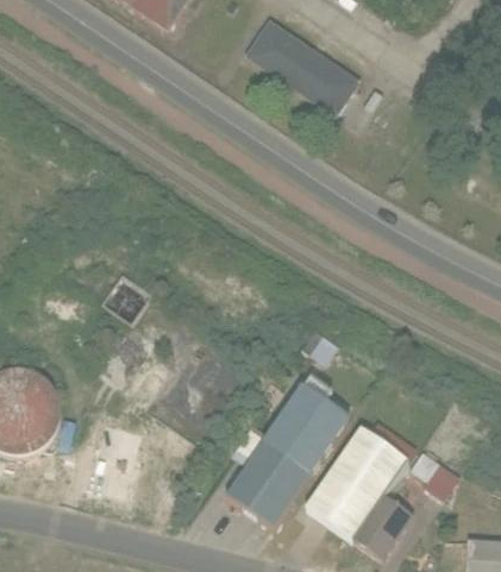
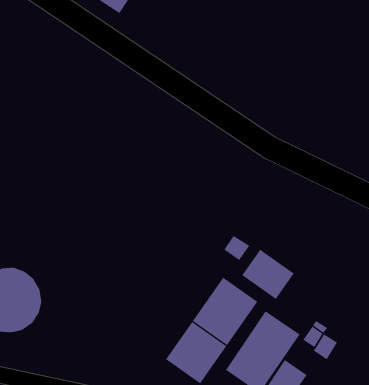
building: [237,17,350,112] -> none
building: none -> [241,249,294,300]

